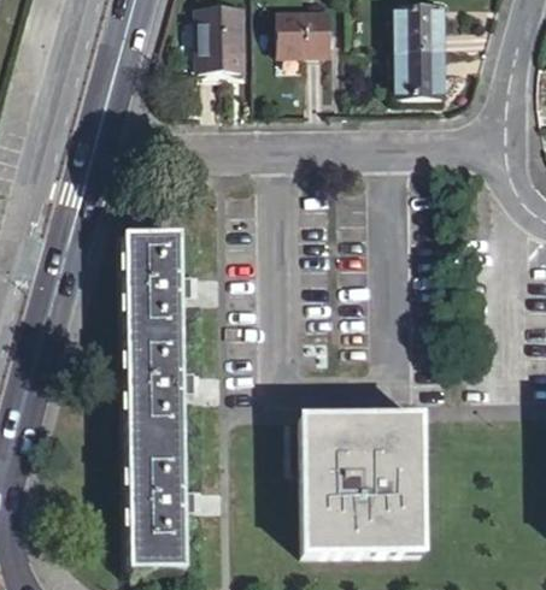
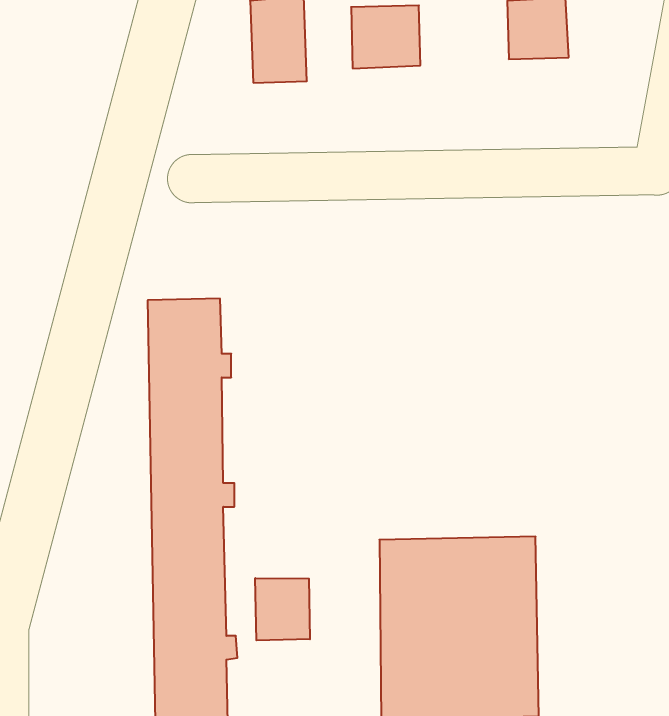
building: [399,48,446,95] -> none
building: none -> [255,578,310,640]

